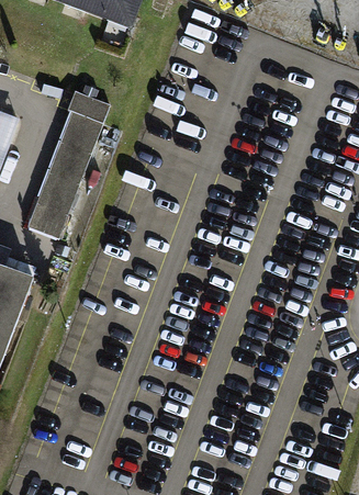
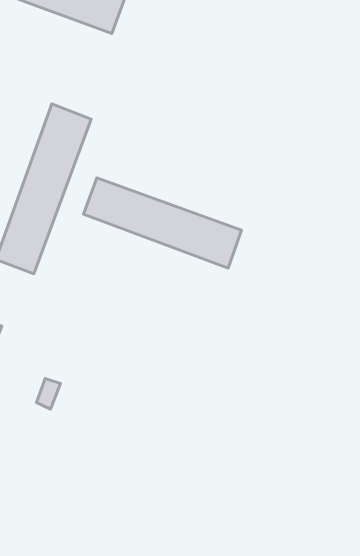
building: none -> [83,178,241,268]

